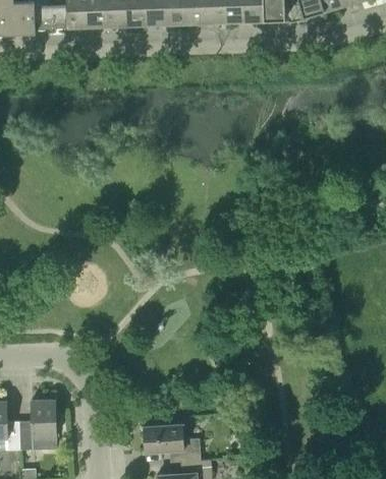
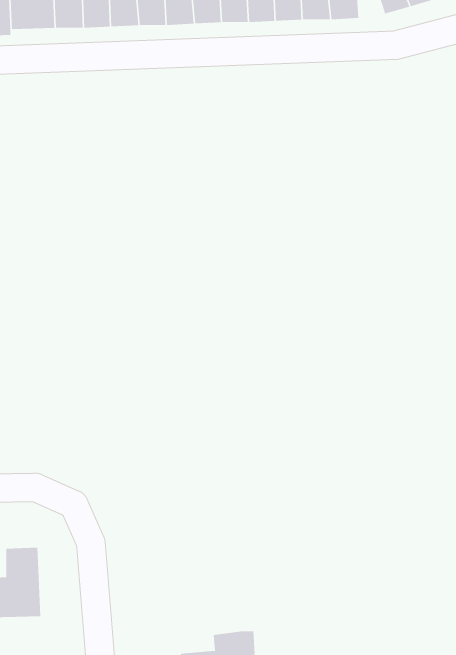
building: [143,424,202,462] -> none

